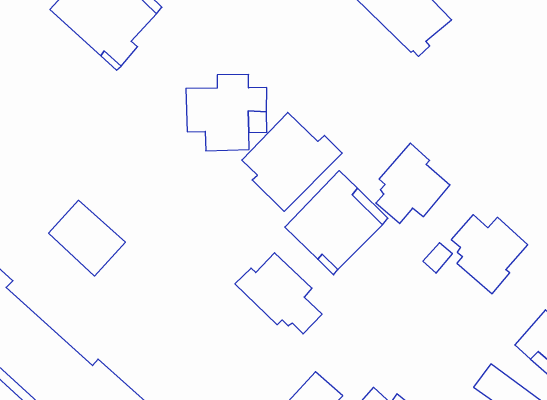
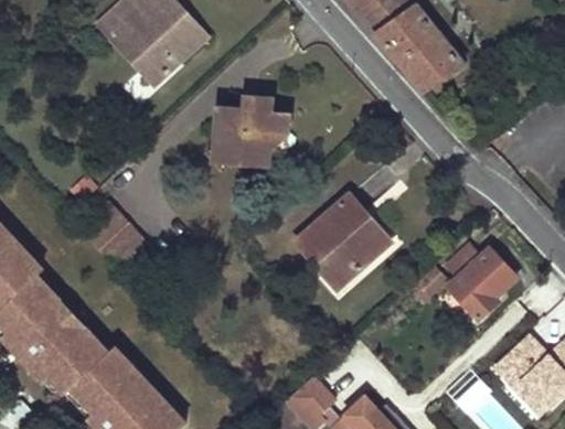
building: [242,112,342,211] -> none
building: [376,143,450,224] -> none
building: [235,253,322,334] -> none

